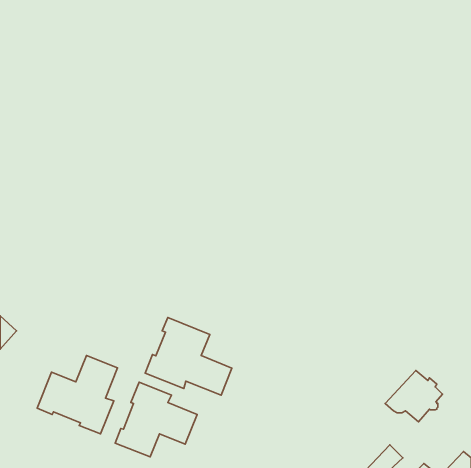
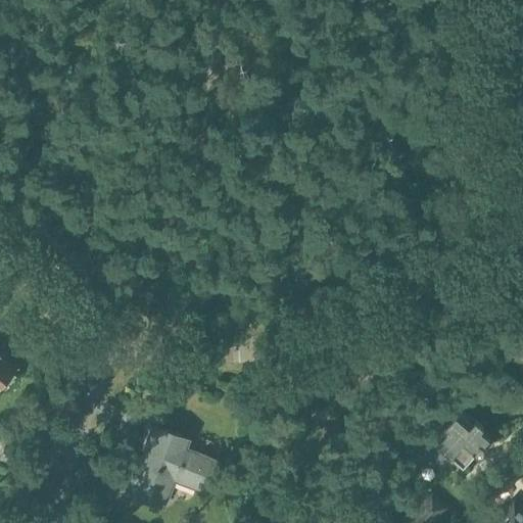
building: [145,318,232,395] -> none
building: [37,356,118,434] -> none

